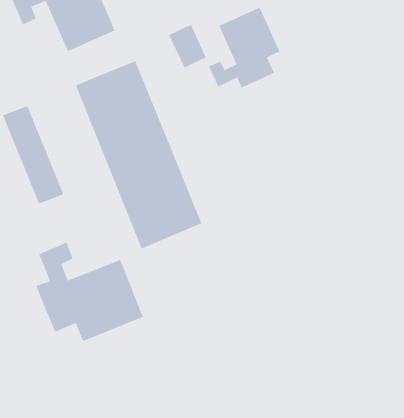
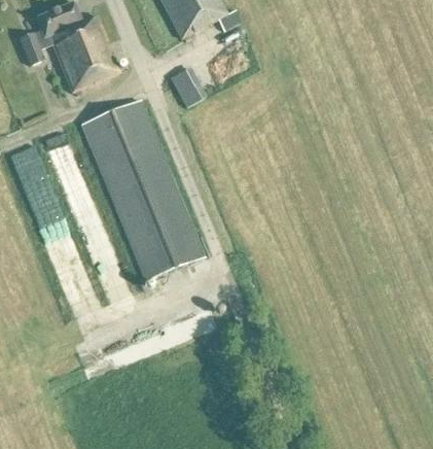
building: [208,7,280,89] -> none
building: [36,242,143,342] -> none

